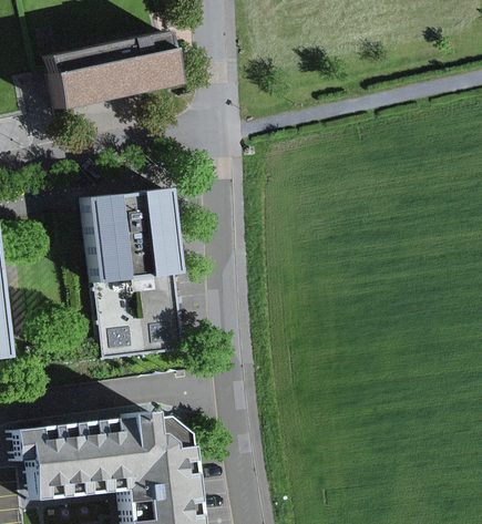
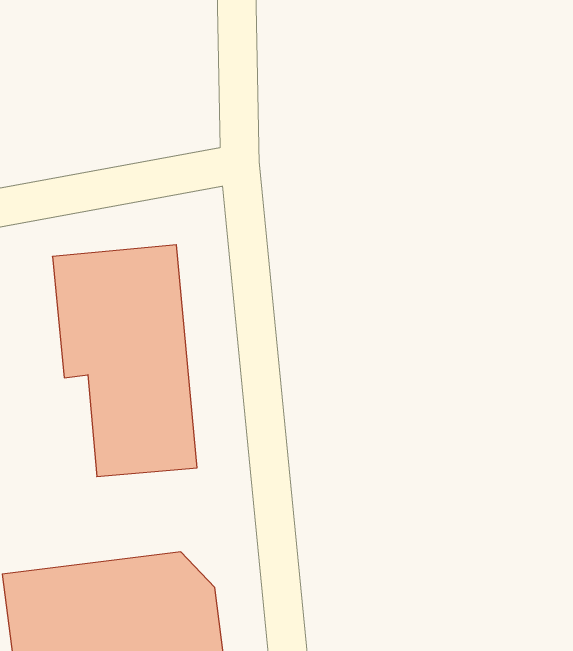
building: [44,43,177,110] -> none

